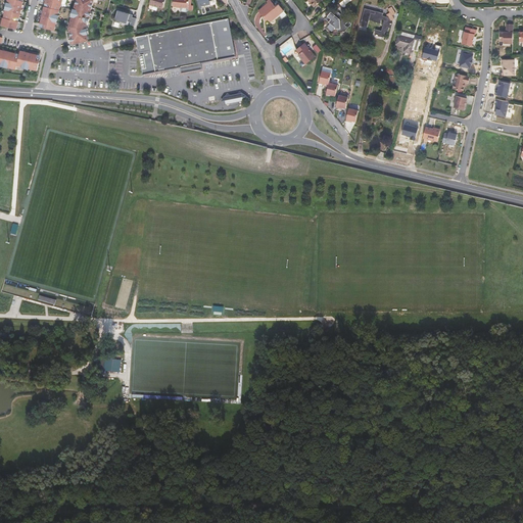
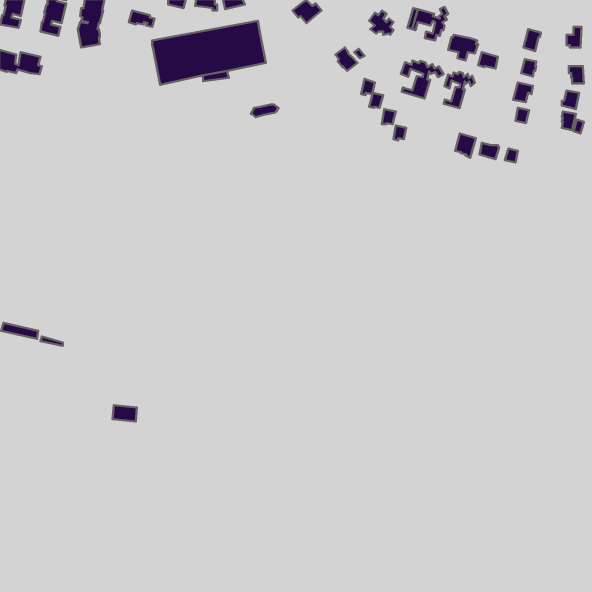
building: none -> [401,61,443,98]
building: none -> [444,72,475,108]

